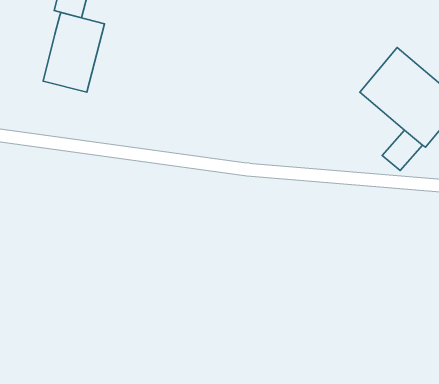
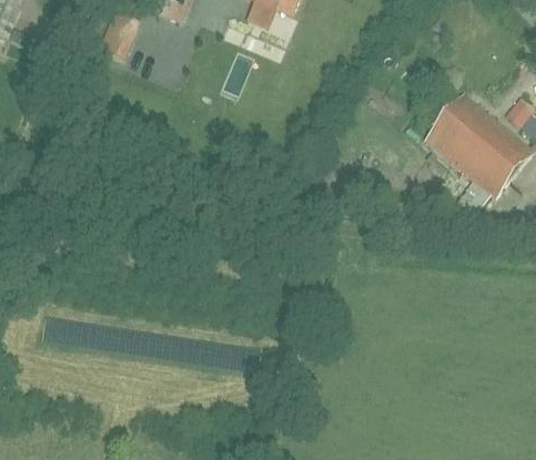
building: [43,13,104,92] -> none

